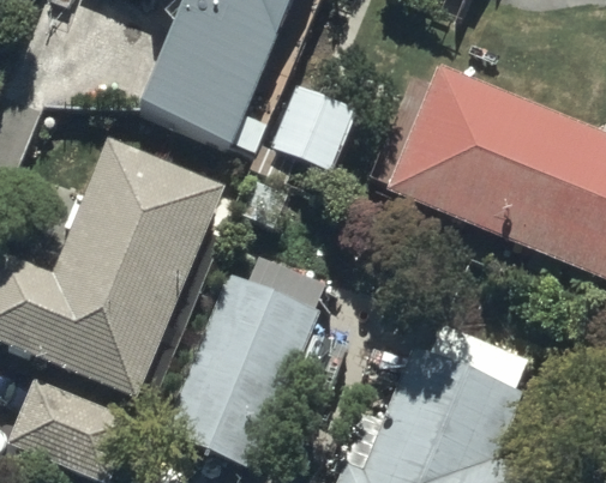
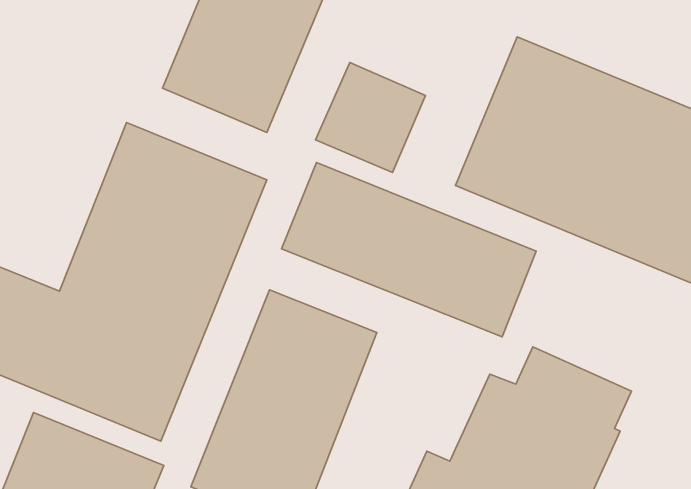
building: none -> [281,163,536,337]

